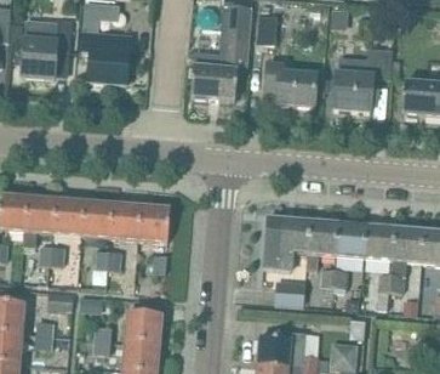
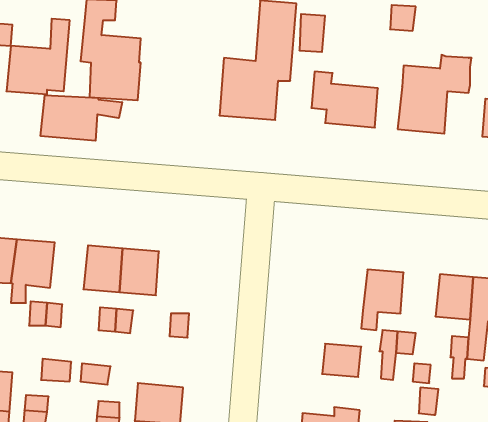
building: none -> [41,95,122,141]
building: [55,199,85,237] -> none
building: [139,206,170,244] -> none
building: [263,217,309,271] -> none
building: [336,223,367,259] -> none

